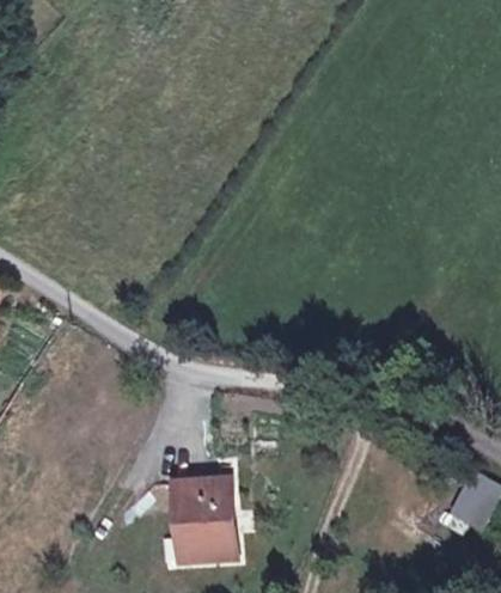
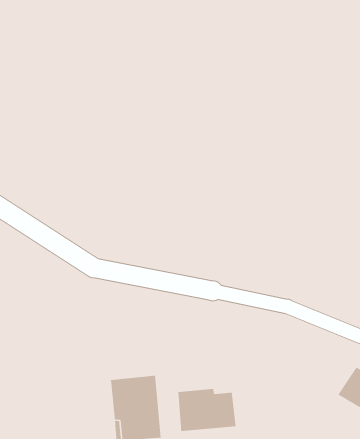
building: none -> [178,388,236,432]

